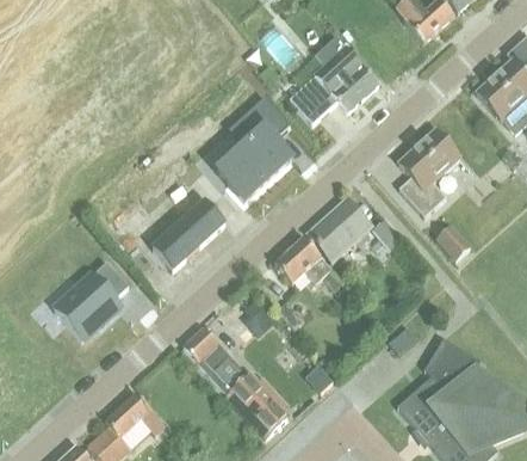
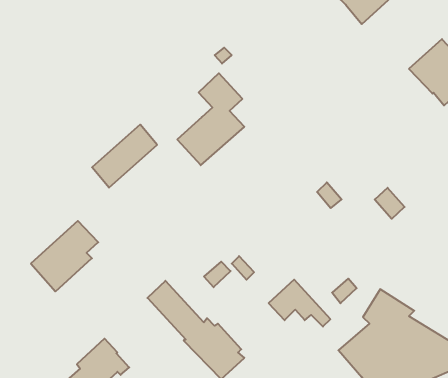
building: [287,35,377,122] -> none
building: [397,129,459,216] -> none
building: [305,197,371,262] -> none
building: [151,199,224,270] -> [92,125,157,188]
building: [273,238,342,290] -> [269,280,330,327]

